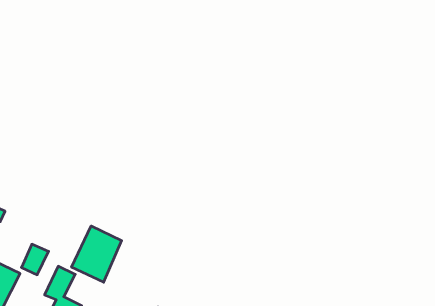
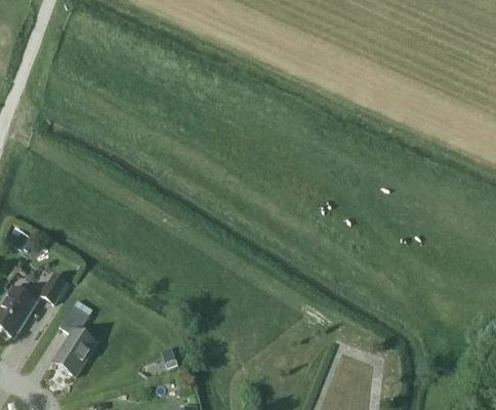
building: [72,226,122,282] -> none

